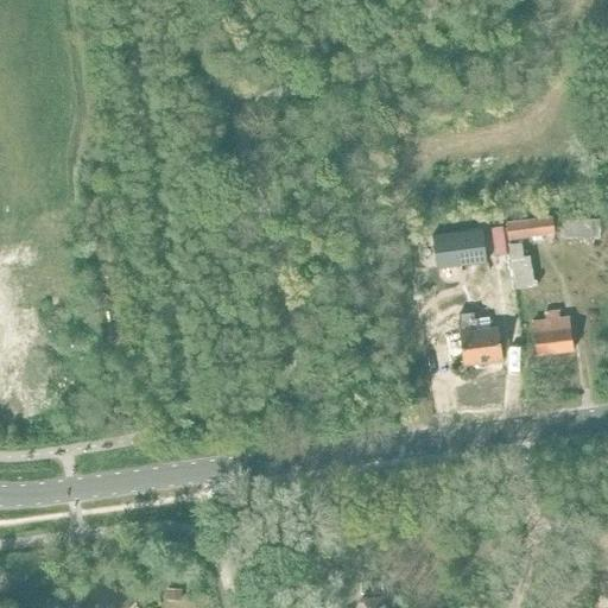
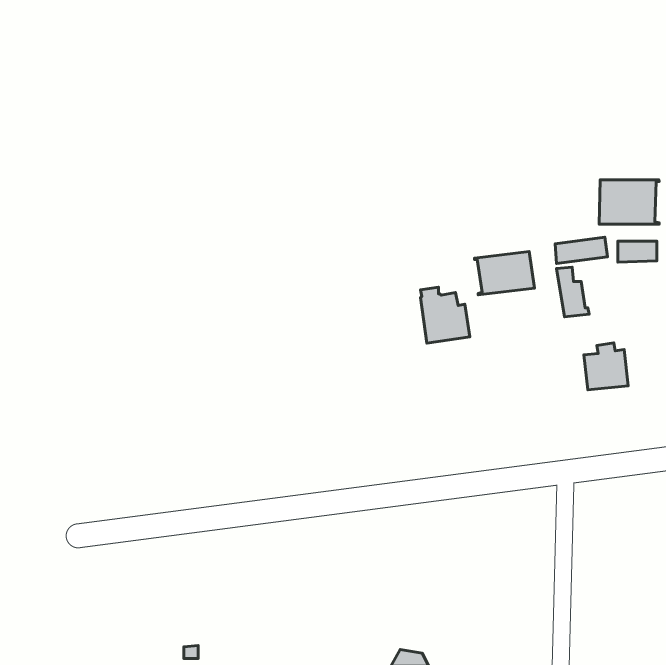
building: none -> [599,180,659,224]
building: [457,314,502,365] -> [420,287,470,343]

